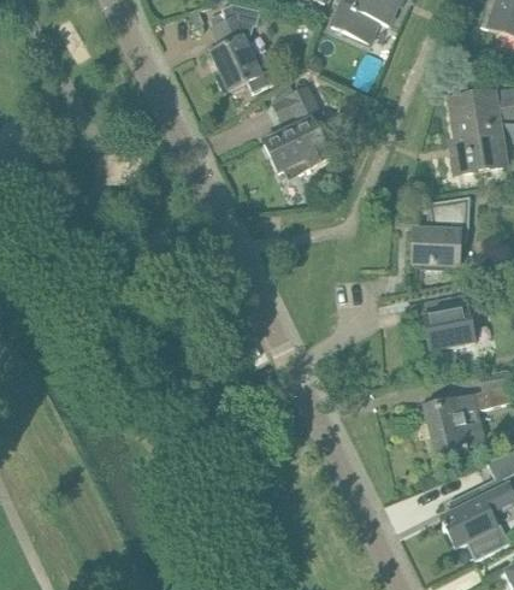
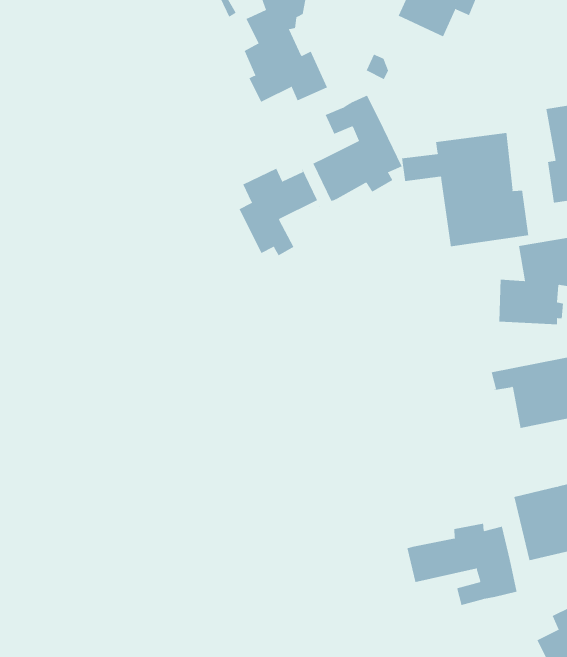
building: none -> [402,132,529,247]
building: none -> [239,168,321,256]
building: none -> [407,523,517,606]

